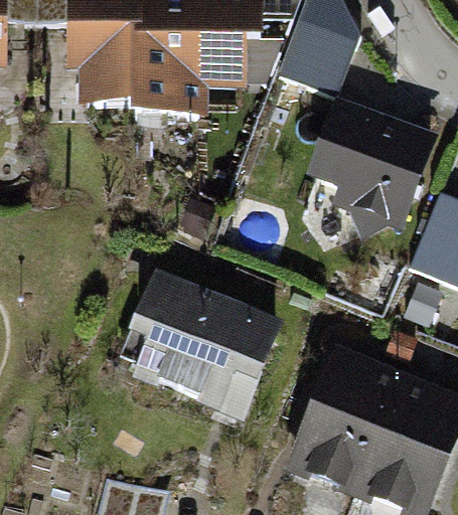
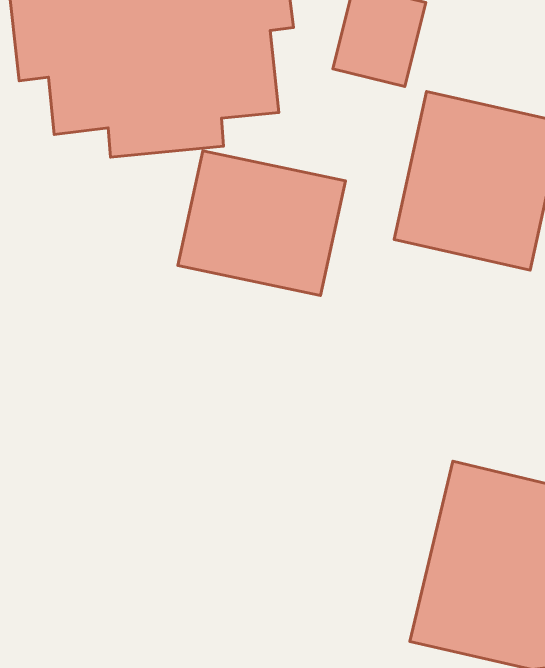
building: none -> [178,151,345,295]
building: [128,284,271,416] -> none

